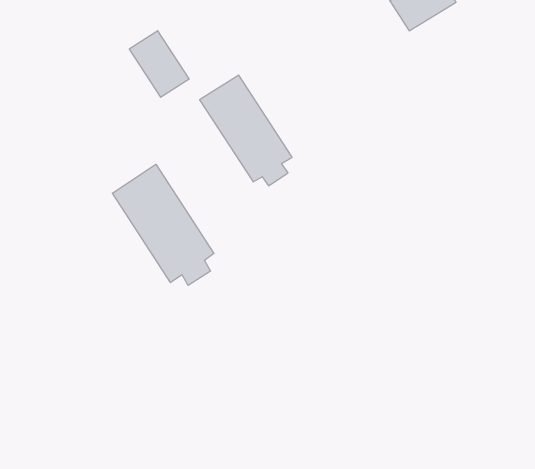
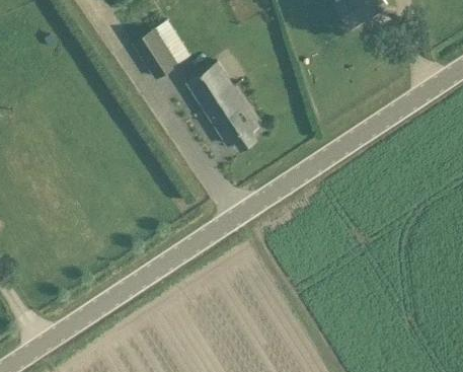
building: [112,164,214,285] -> none

